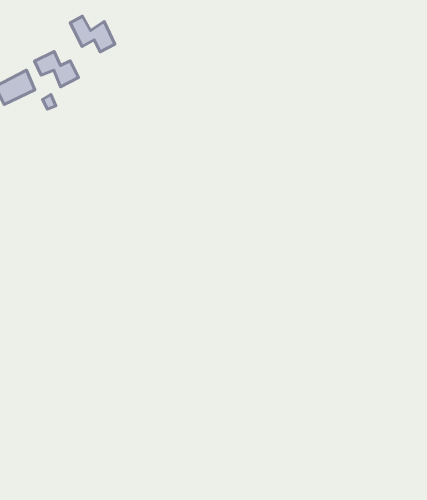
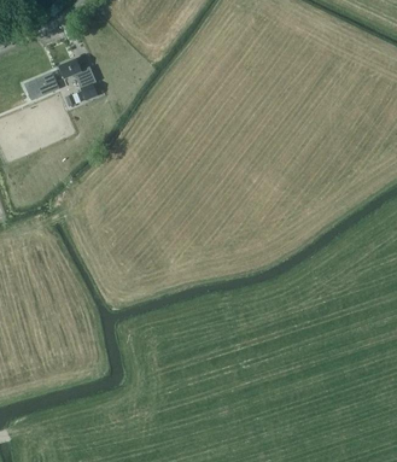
building: [70,16,115,52] -> none

